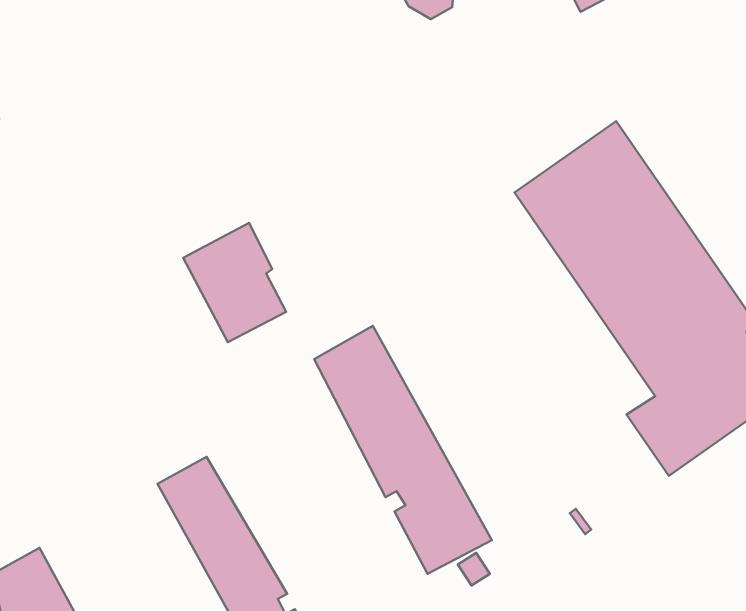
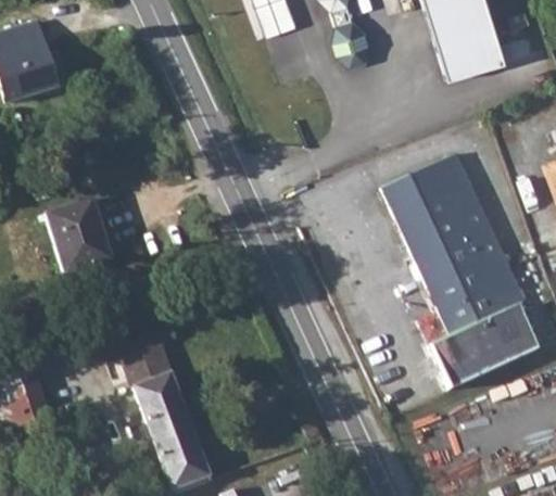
building: [183,223,286,342] -> [47,196,108,271]
building: [314,326,492,574] -> none

